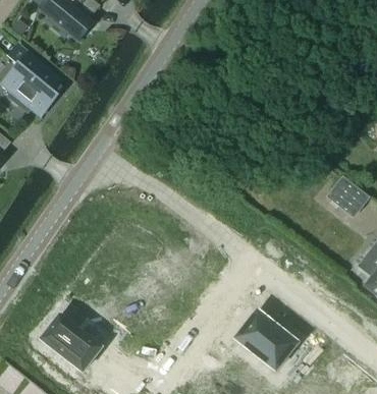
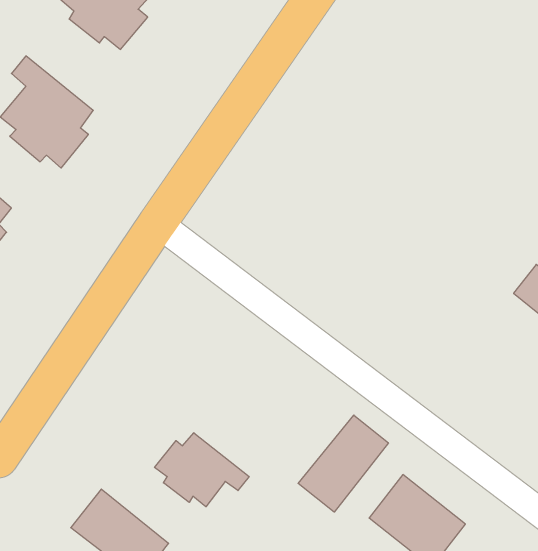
building: none -> [298,415,388,512]
building: none -> [155,433,249,507]

